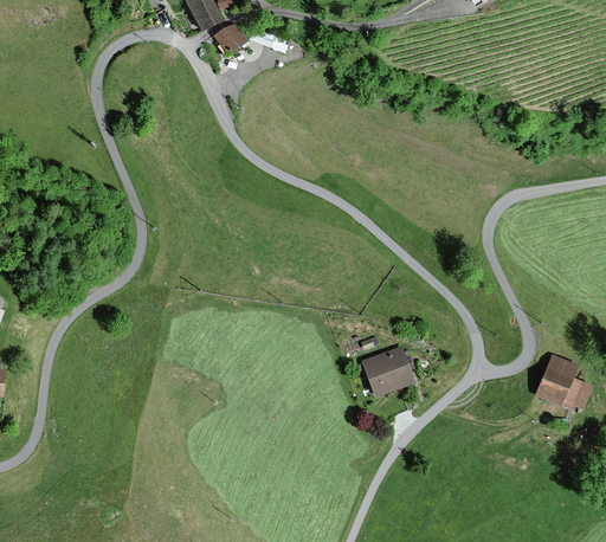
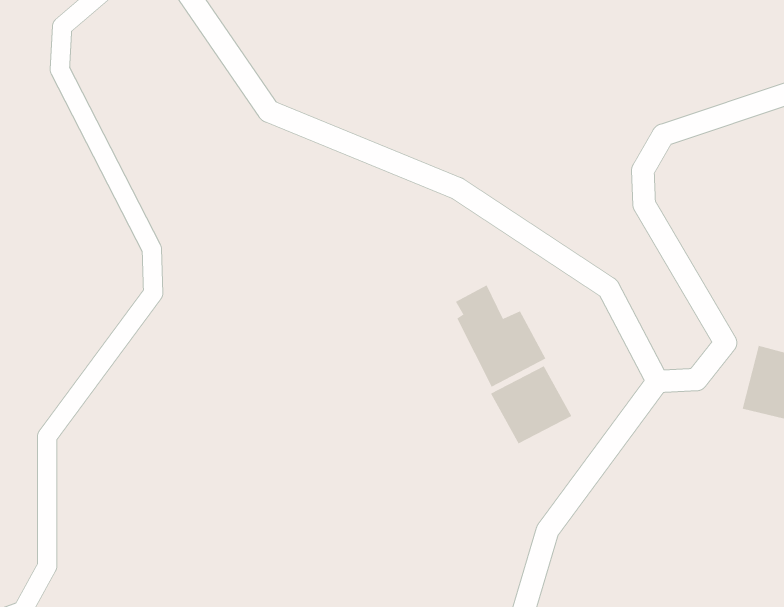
building: none -> [455,284,546,387]

